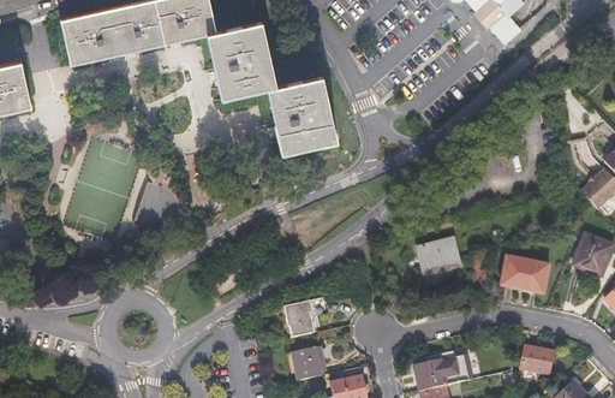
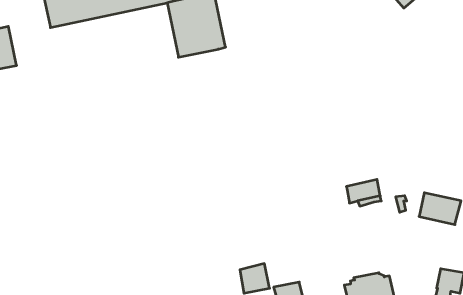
building: [267,79,336,155] -> none
building: [283,299,321,339] -> none

